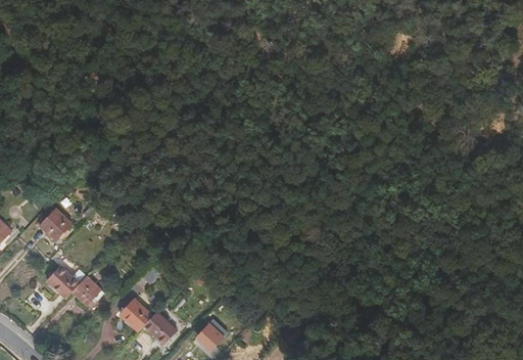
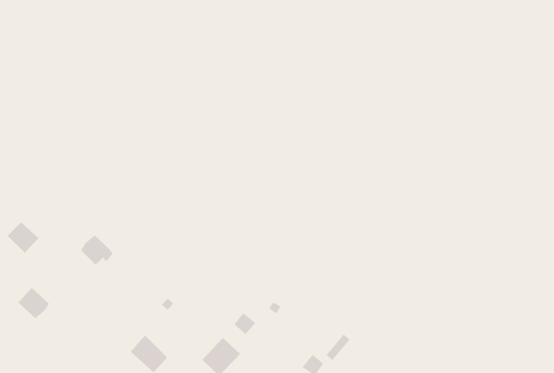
building: [67,279,96,306] -> [80,235,114,266]
building: [117,301,148,331] -> none

